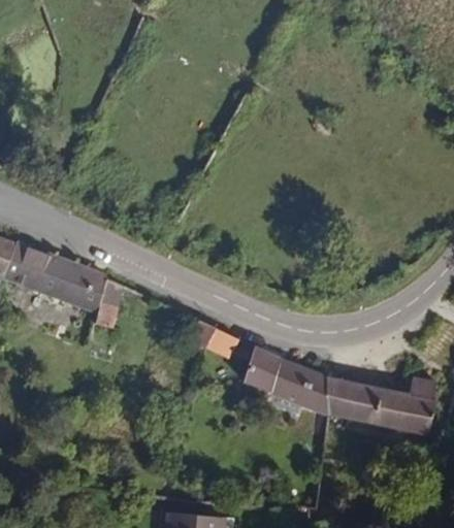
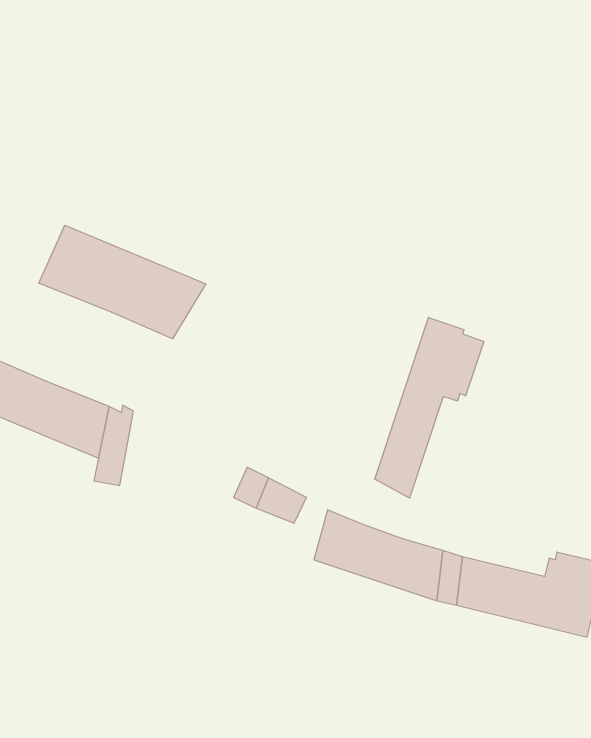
building: none -> [39,225,206,339]
building: none -> [375,317,484,498]

